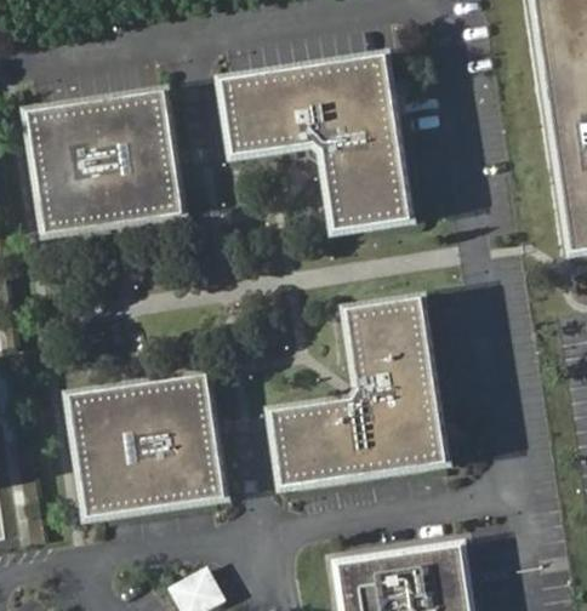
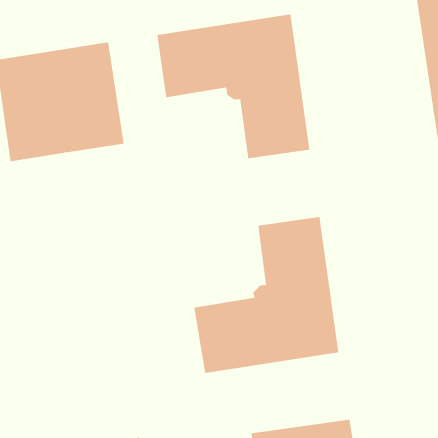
building: [68,376,226,520] -> none

